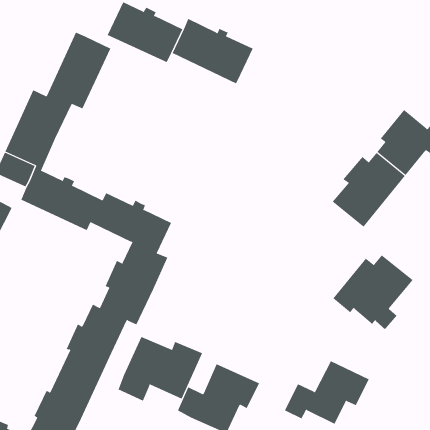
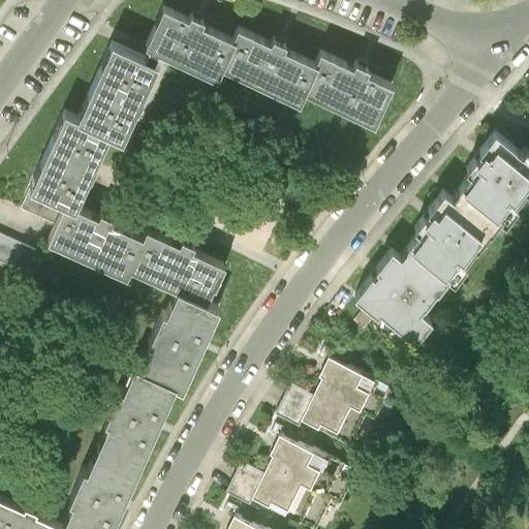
building: none -> [308,63,401,136]
building: [333,254,414,330] -> [356,250,450,338]
building: [118,336,203,401] -> none
building: [284,361,370,425] -> [282,362,381,436]

